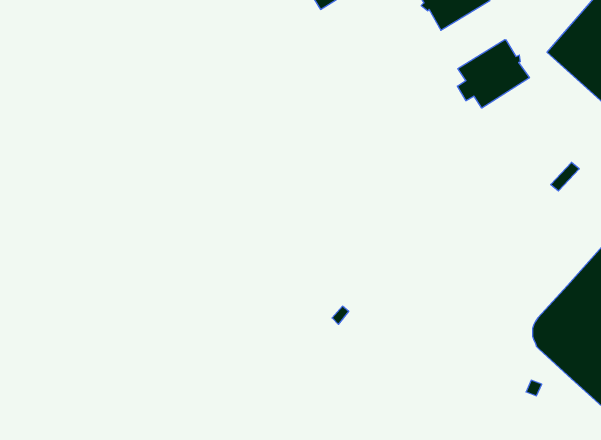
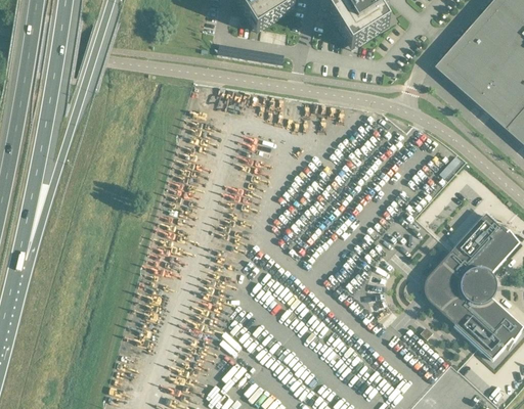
building: [457,40,529,108] -> none

